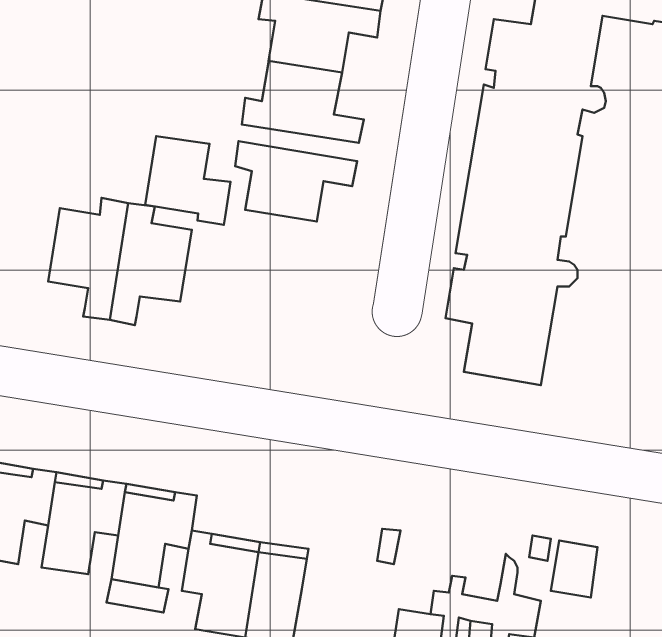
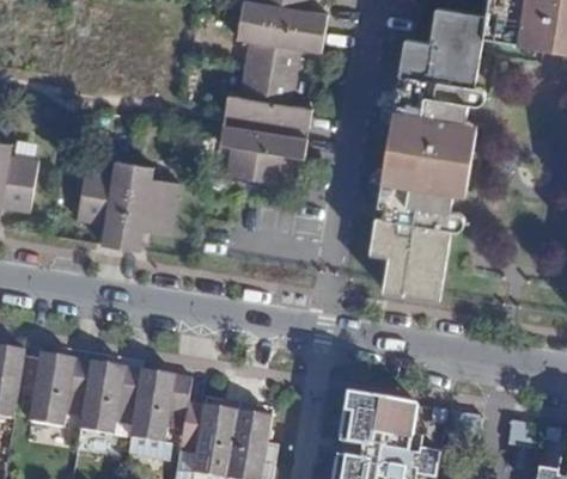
building: [145,136,231,225] -> none
building: none -> [339,393,415,447]

